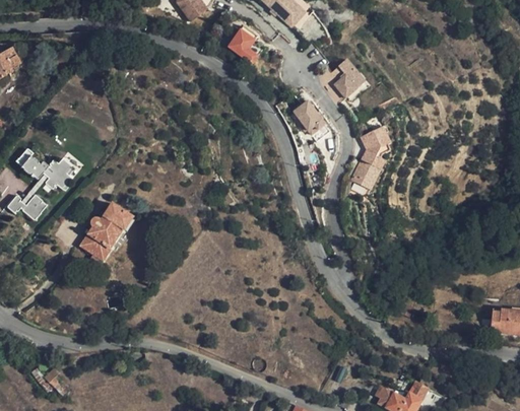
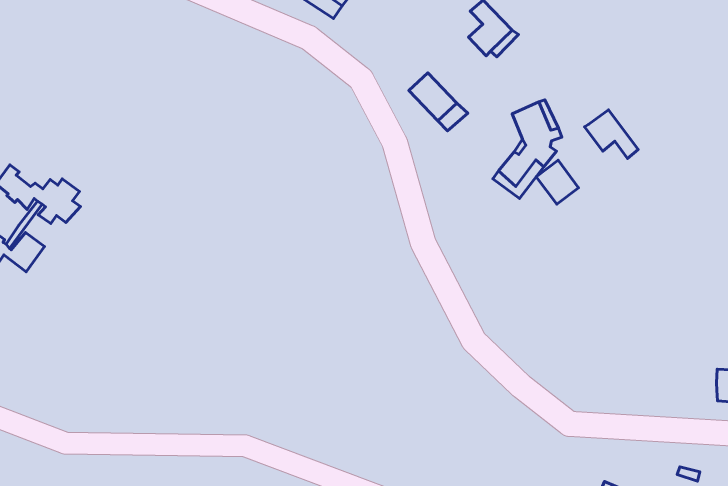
building: none -> [585,110,638,159]
building: none -> [536,160,579,204]
building: [80,200,133,260] -> none

